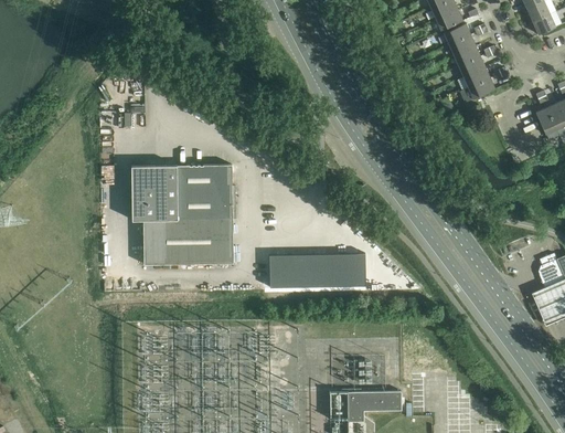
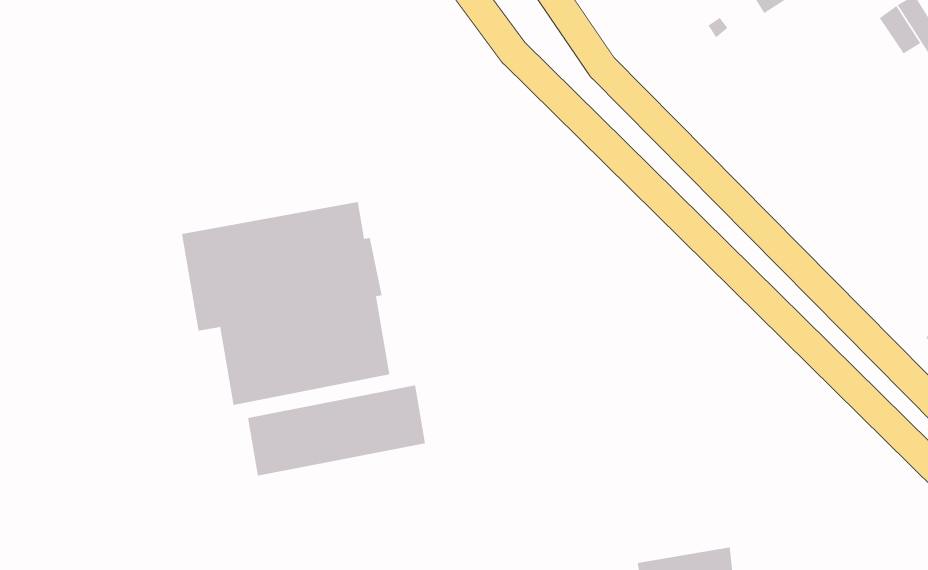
building: [269,253,365,288] -> [247,385,426,476]

